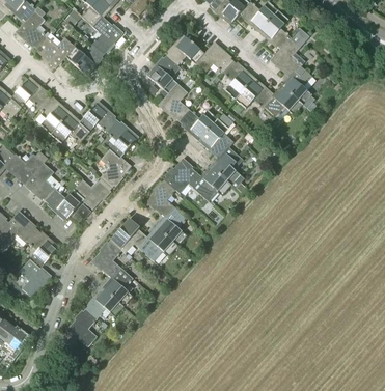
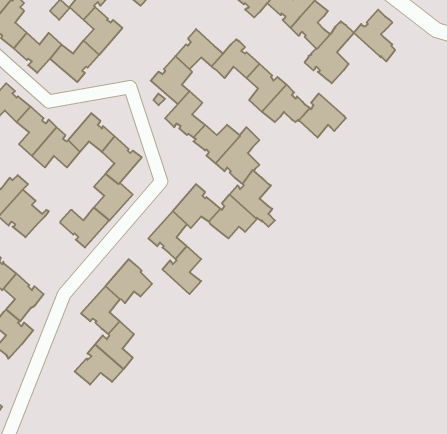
building: [280,65,313,107] -> [354,10,395,61]
building: [45,188,83,219] -> none
building: [137,225,176,260] -> none
building: [65,307,97,345] -> none

